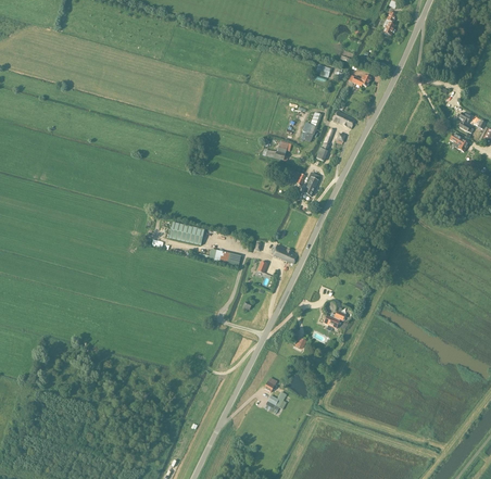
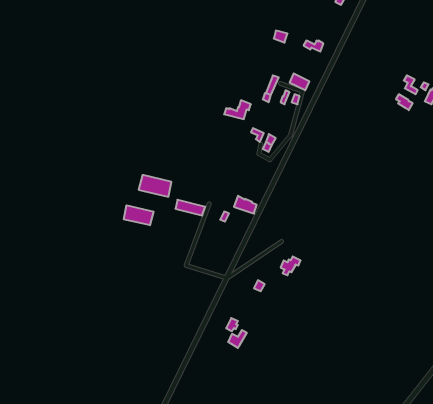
building: none -> [124,205,154,225]

